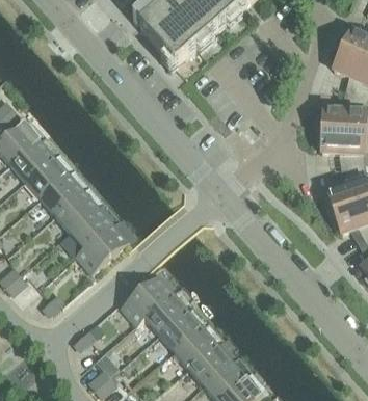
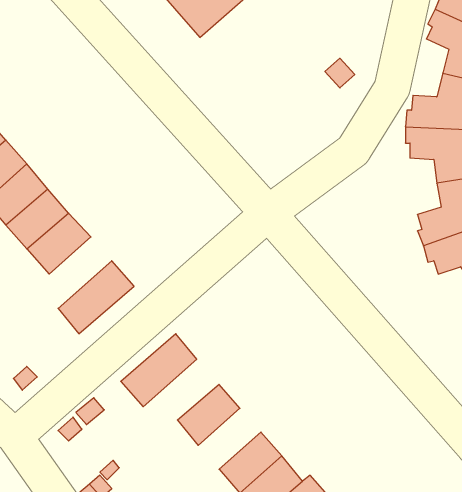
building: [70,207,113,257] -> none
building: [135,292,188,335] -> none
building: [174,326,217,369] -> none

